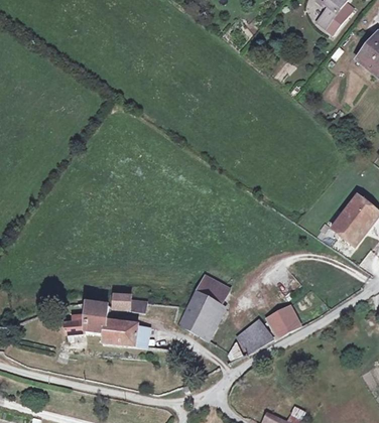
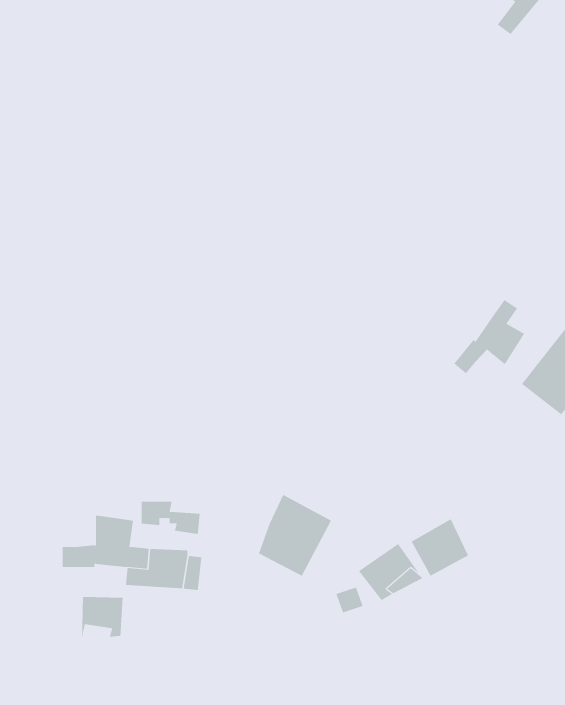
building: none -> [453,299,525,374]
building: [194,276,231,307] -> none
building: none -> [81,596,123,641]

